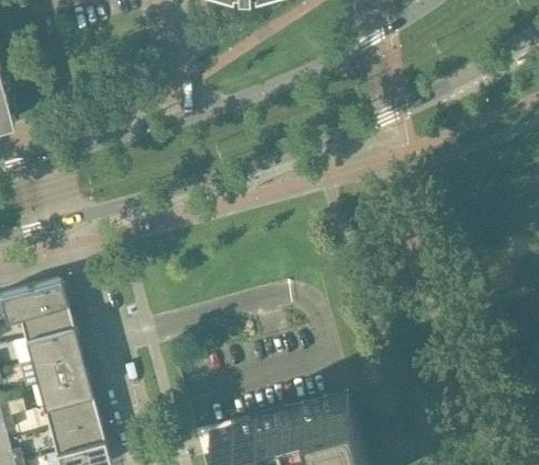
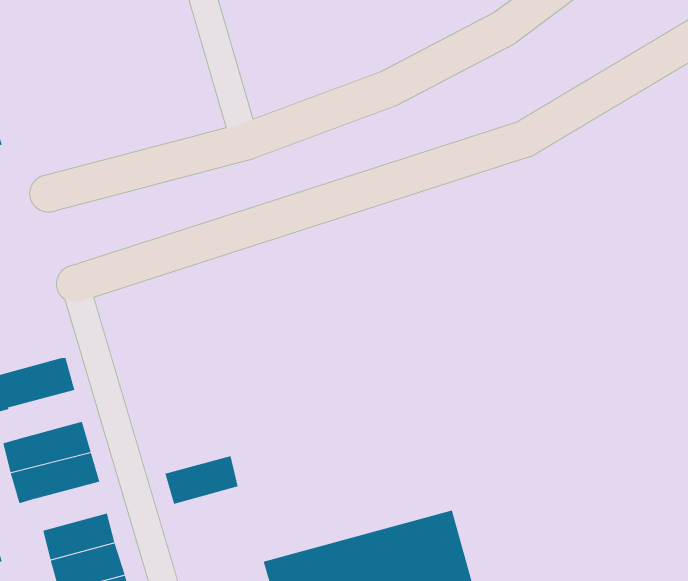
building: [19,311,74,348] -> none
building: [37,379,92,416] -> [165,456,239,504]

